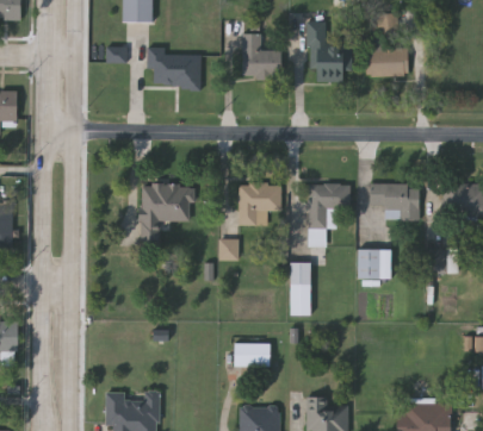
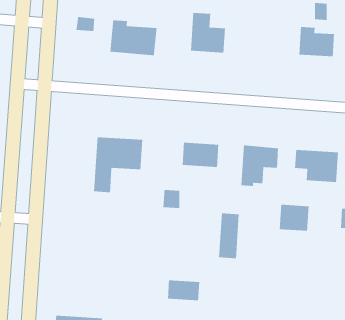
building: [308,23,352,83] -> none

